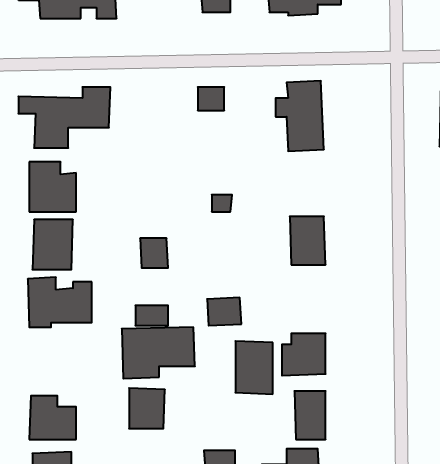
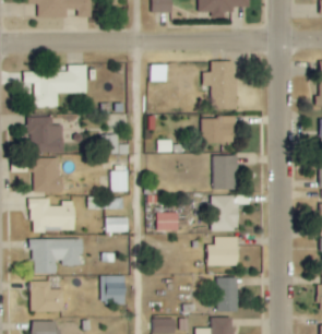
building: none -> [202,117,236,142]
building: [122,327,195,379] -> [31,238,82,274]
building: [235,341,273,394] -> [211,194,237,231]

